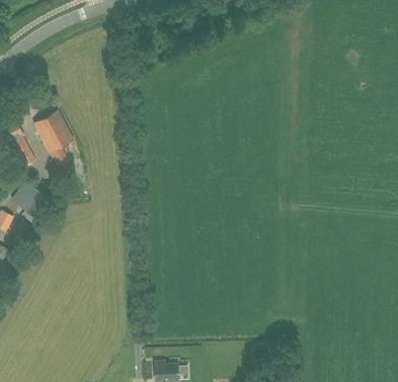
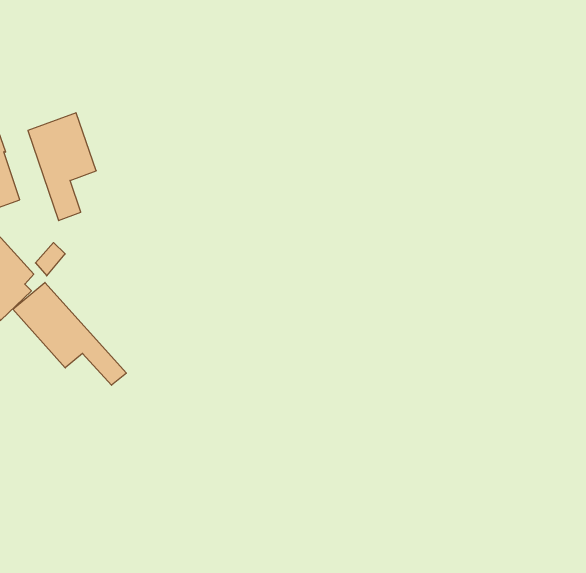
building: none -> [13,282,126,385]

